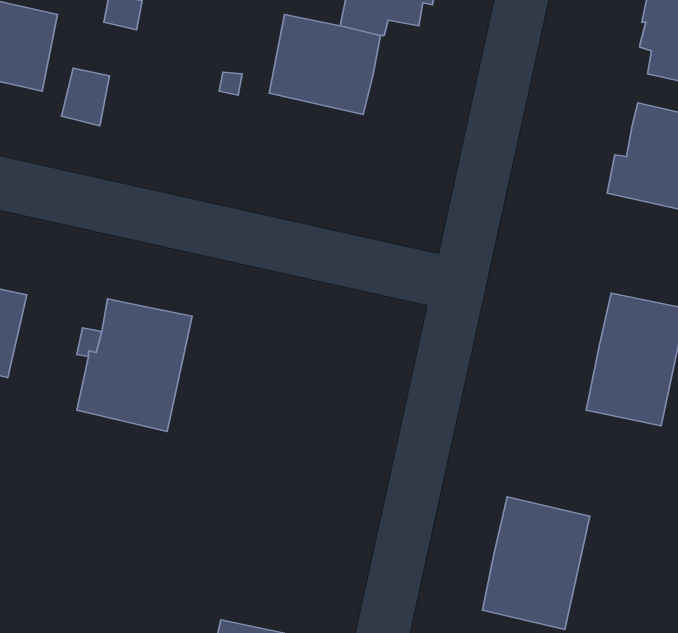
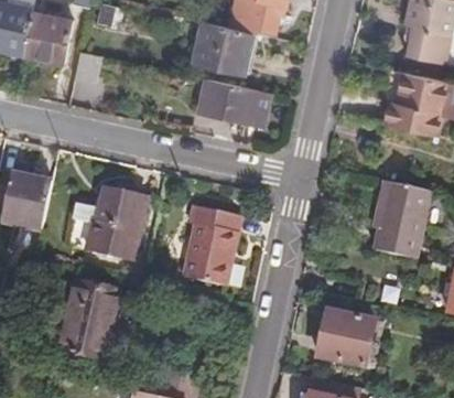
building: none -> [198,80,268,128]
building: none -> [183,207,240,287]
building: none -> [51,286,118,362]

